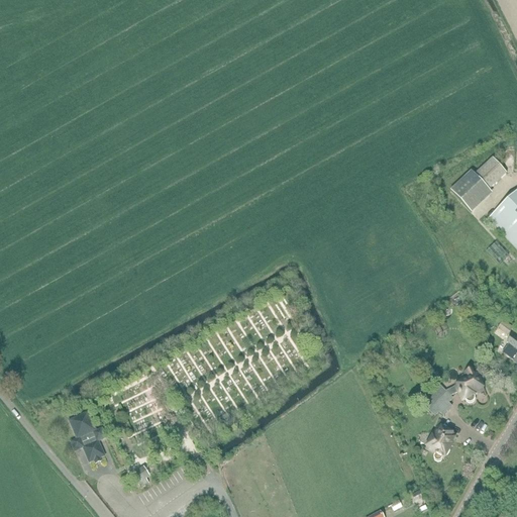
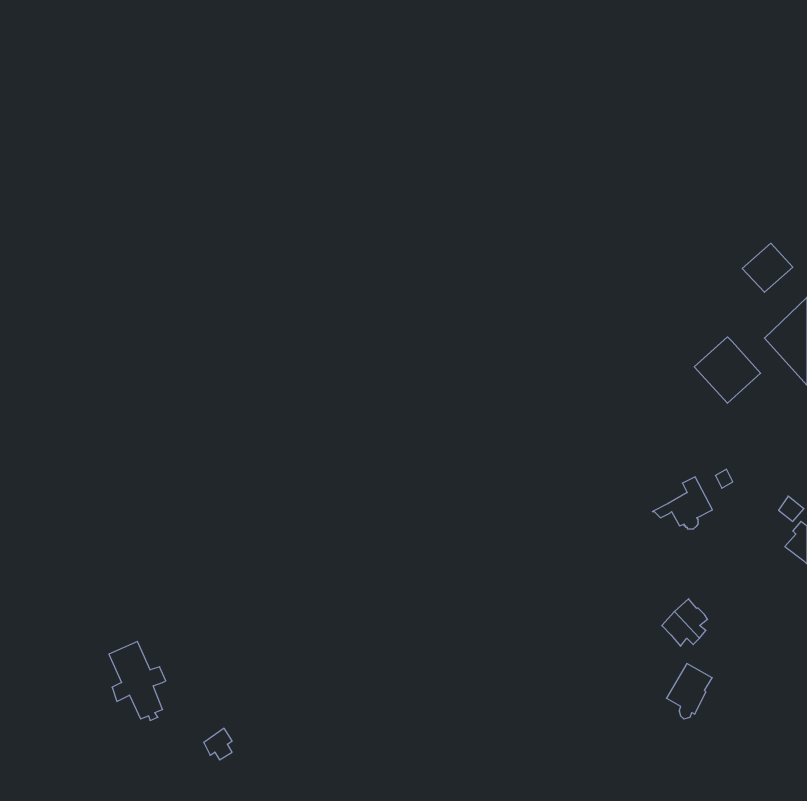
building: [450,169,493,211] -> [694,337,761,403]
building: [445,367,484,400] -> [652,477,712,529]

